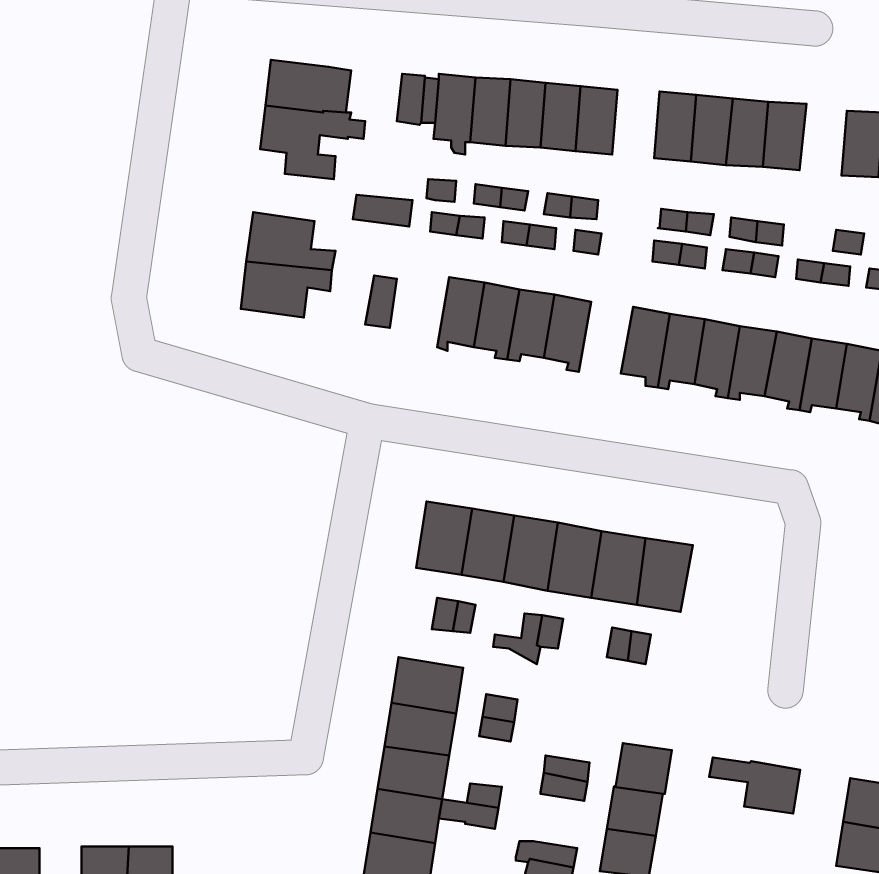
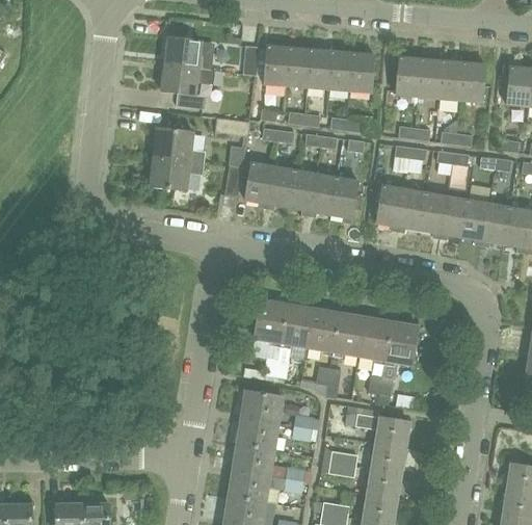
building: none -> [245,162,274,208]
building: [709,758,800,814] -> [356,414,410,447]

